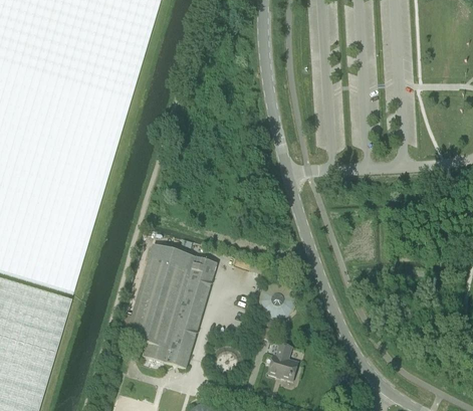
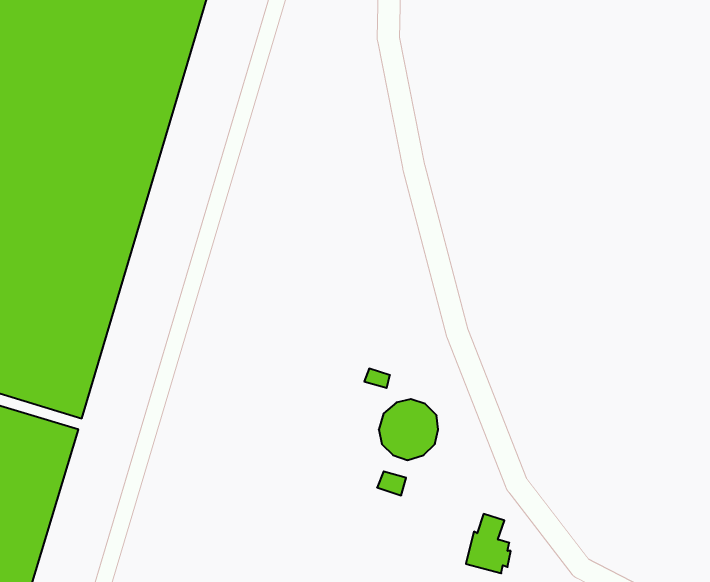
building: [119,243,217,368] -> none
building: [268,342,296,379] -> [466,514,511,573]

